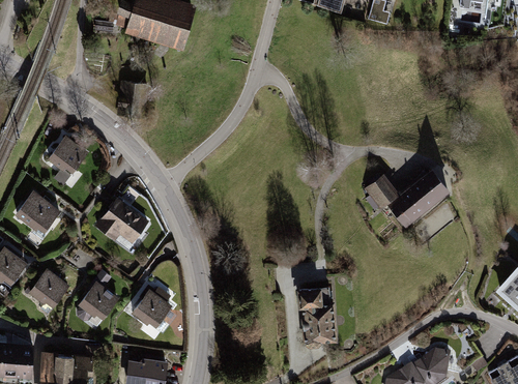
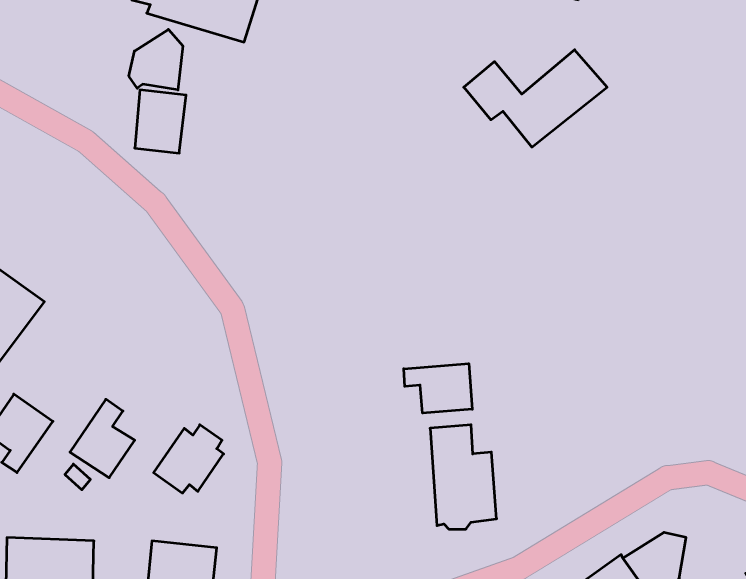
building: none -> [129,29,183,90]
building: [49,138,89,176] -> none
building: [365,167,452,226] -> [464,50,607,147]
building: [94,195,148,242] -> none
building: none -> [404,364,472,413]

